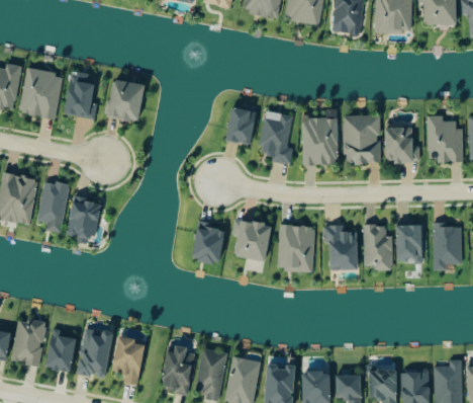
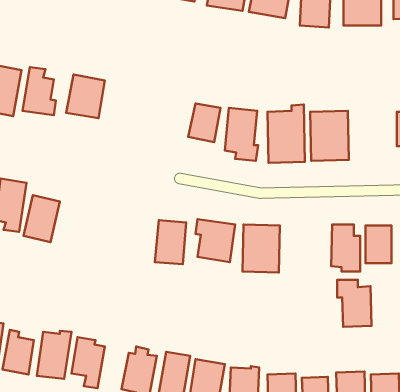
building: [384,128,419,162] -> none
building: [323,225,357,270] -> [337,280,371,327]

